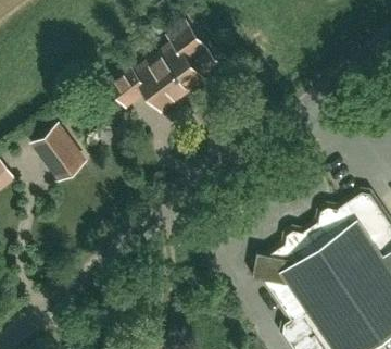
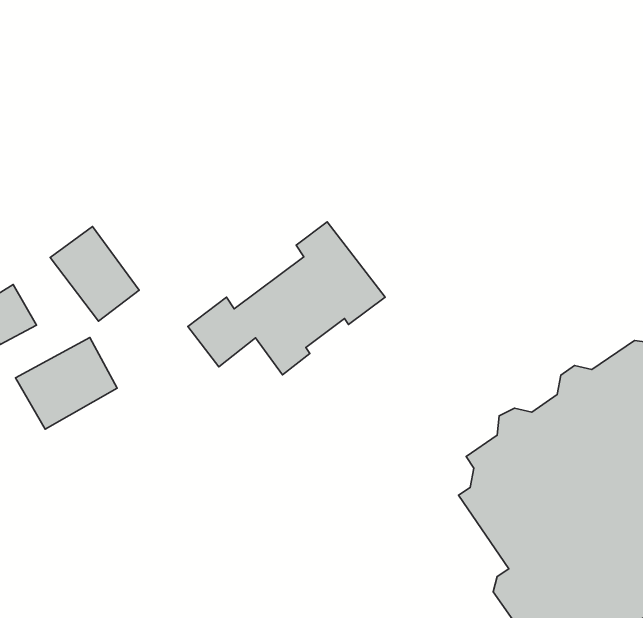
building: [108,26,218,112] -> [188,222,385,375]
building: none -> [16,338,117,429]

